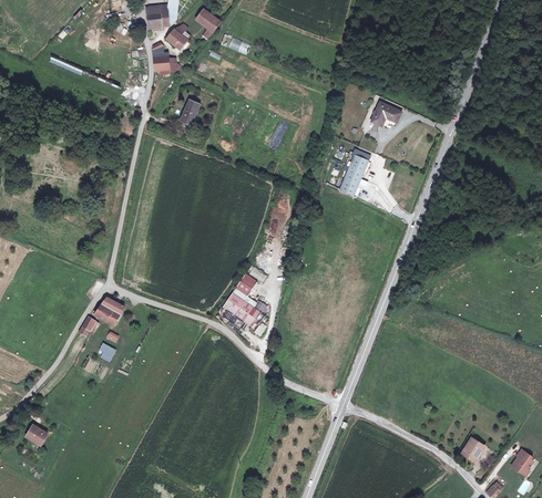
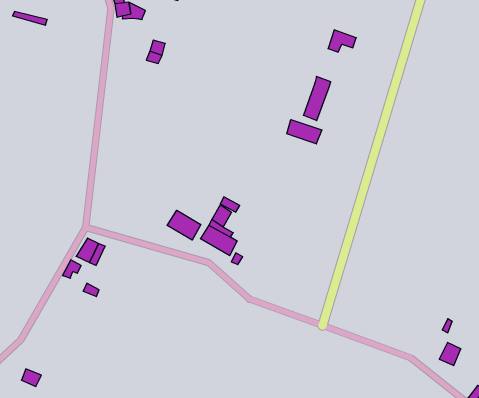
building: none -> [287,120,322,144]
building: none -> [167,210,201,240]

